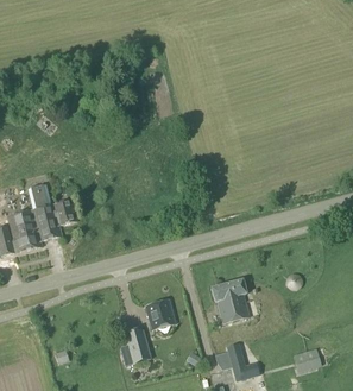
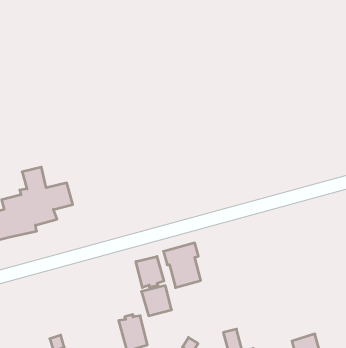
building: none -> [136,256,164,288]
building: [212,279,248,323] -> [163,243,201,288]

